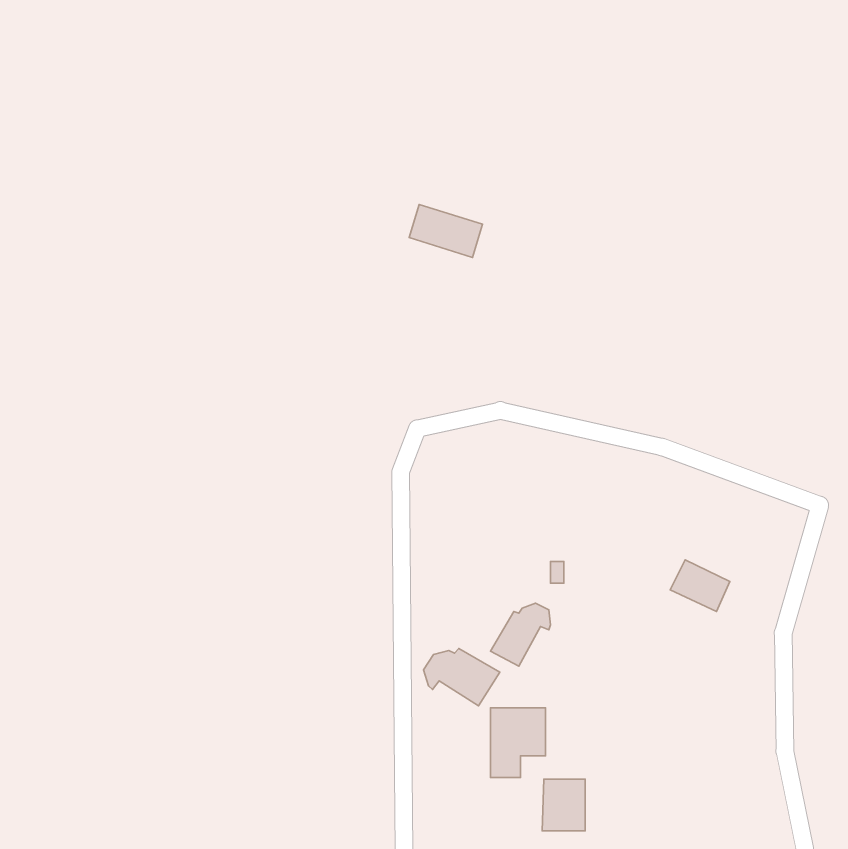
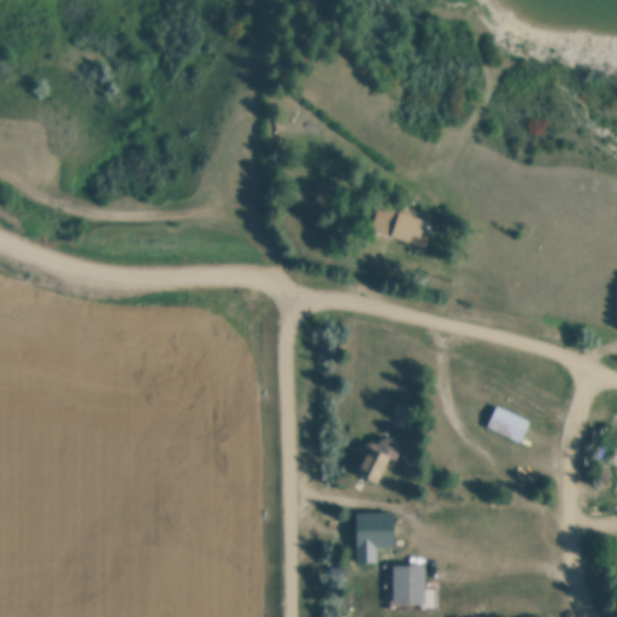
building: [409,204,482,258] -> [370,206,423,245]
building: [423,648,500,706] -> none

